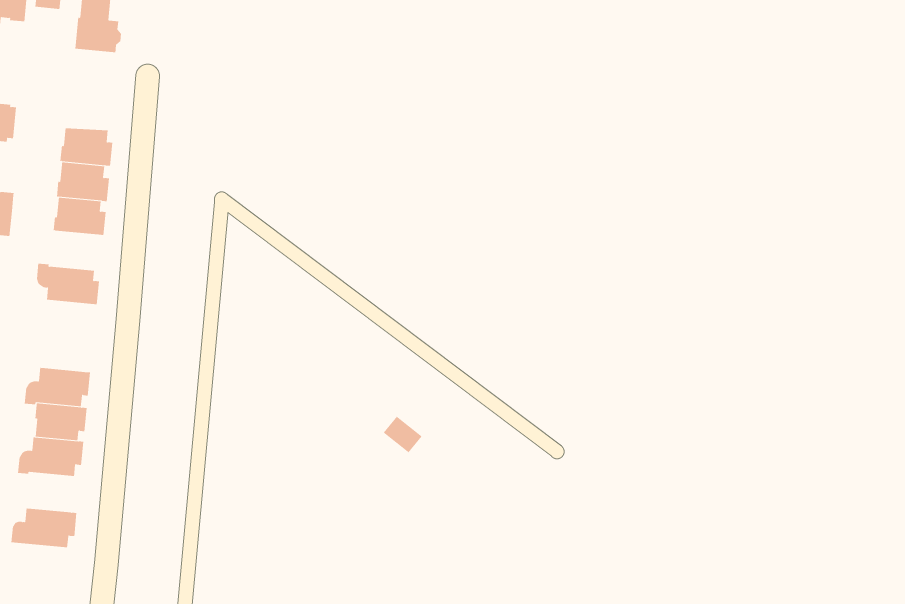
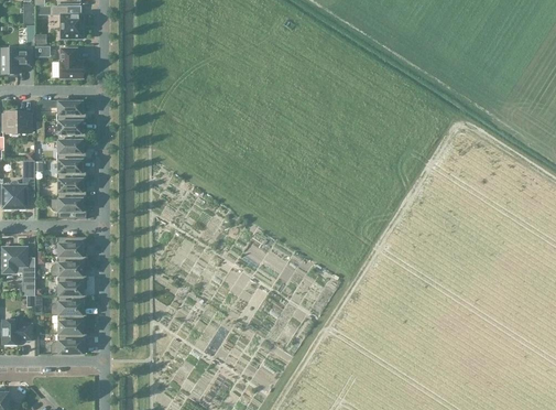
building: none -> [57,100,86,121]
building: none -> [57,179,86,198]
building: none -> [57,236,86,255]
building: none -> [57,313,86,333]

